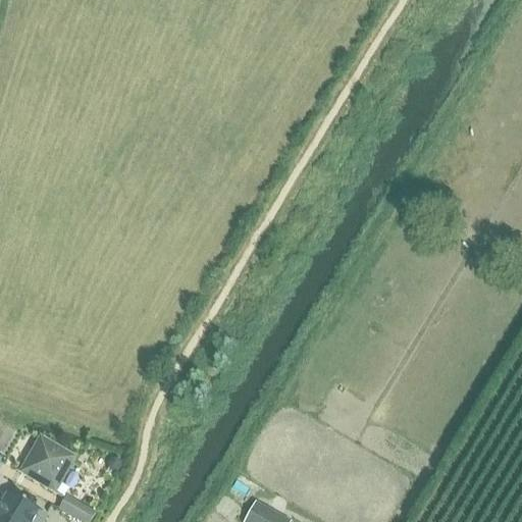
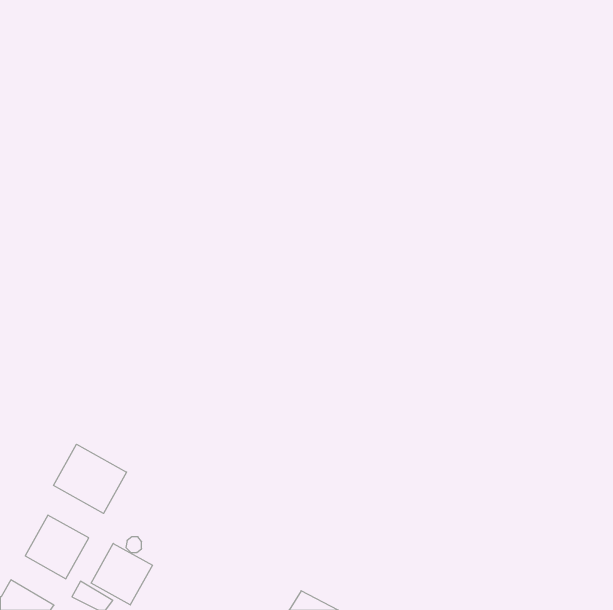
building: none -> [54,444,127,513]
building: none -> [91,543,152,605]

